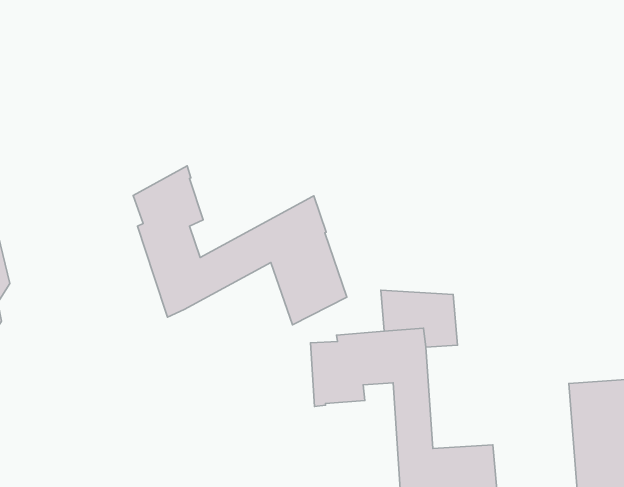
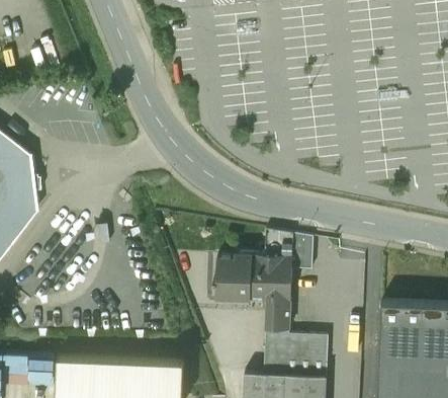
building: [133,166,347,325] -> none

